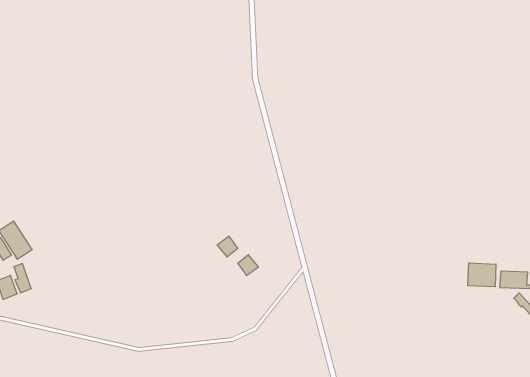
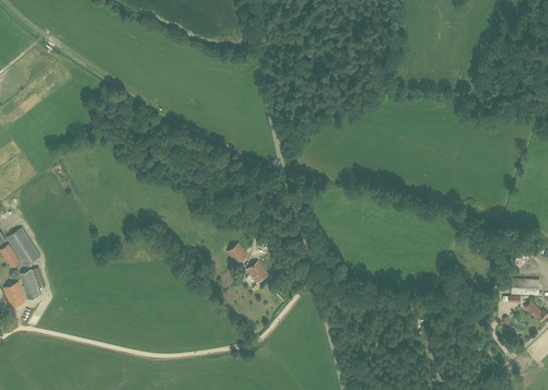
building: [468,263,496,287] -> none

